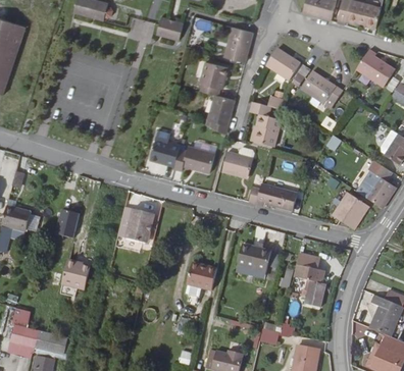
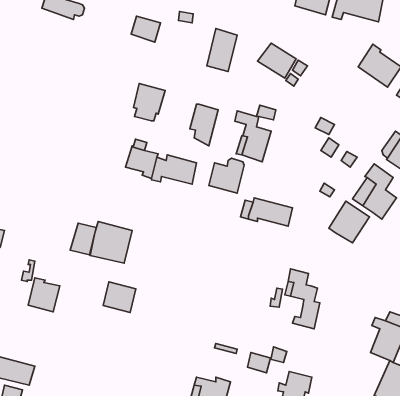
building: [196,68,224,102] -> [133,84,165,121]
building: [302,69,345,104] -> none
building: [54,210,78,238] -> [70,223,96,255]
building: [239,244,272,270] -> none
building: [188,262,217,289] -> [103,282,136,312]

